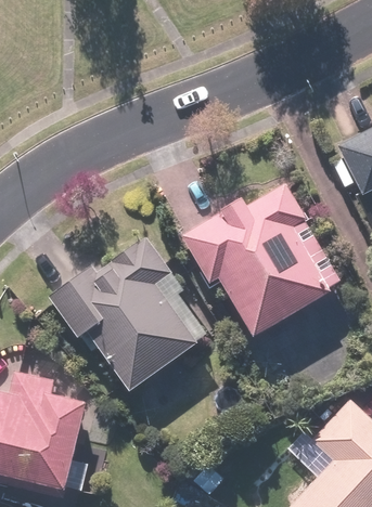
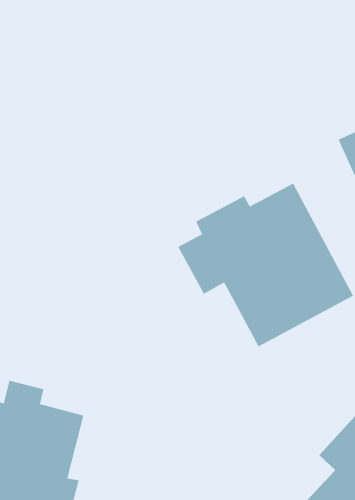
building: [50,236,214,392] -> none

